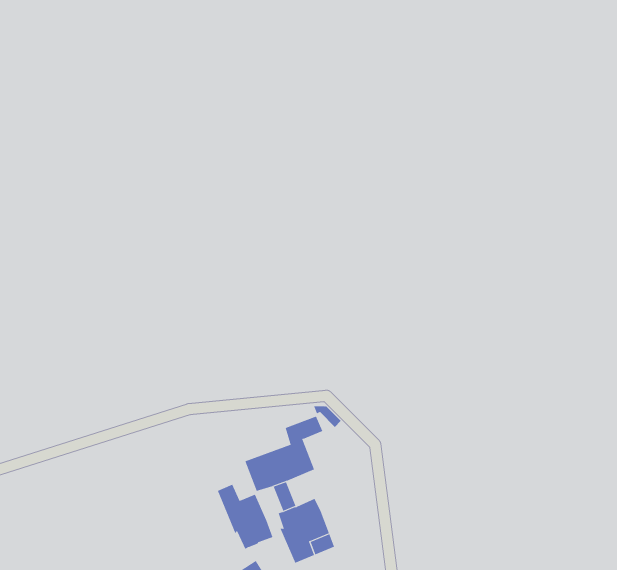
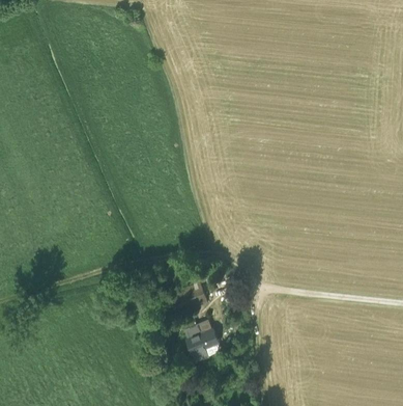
building: [217,484,273,550] -> none

